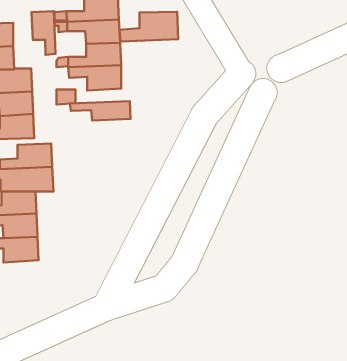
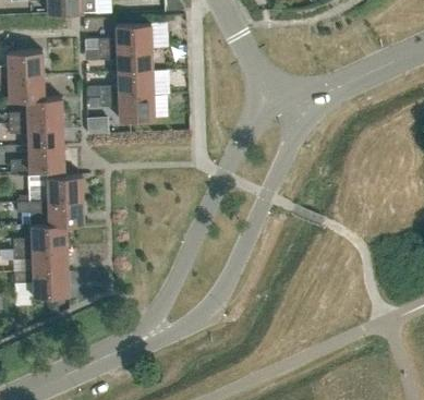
building: [32,11,56,55] -> none
building: [119,12,178,41] -> none
building: [70,101,130,121] -> none

